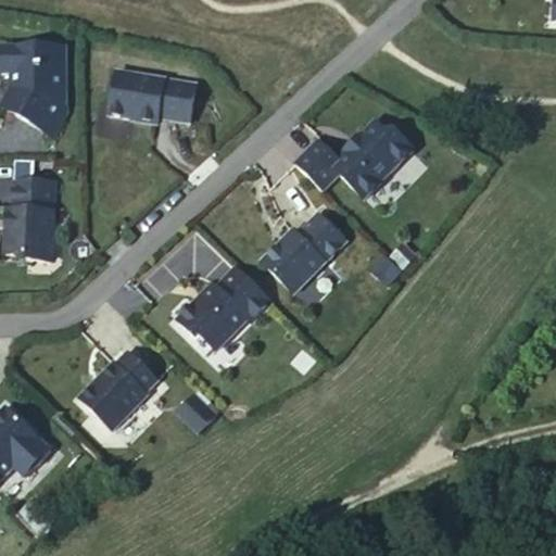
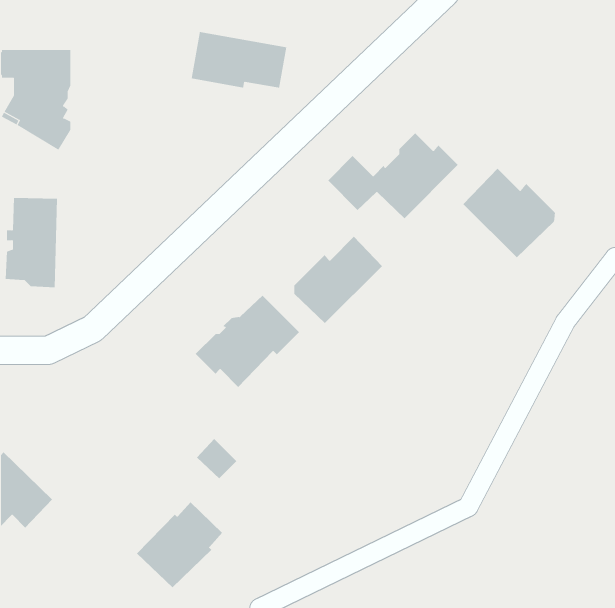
building: [109,70,195,121] -> [191,32,287,88]
building: none -> [463,168,555,258]
building: [77,351,155,429] -> [136,502,223,588]

